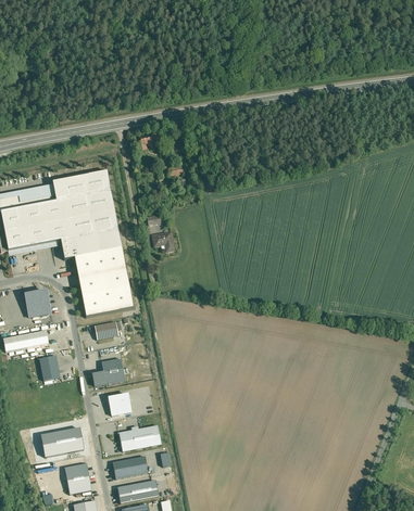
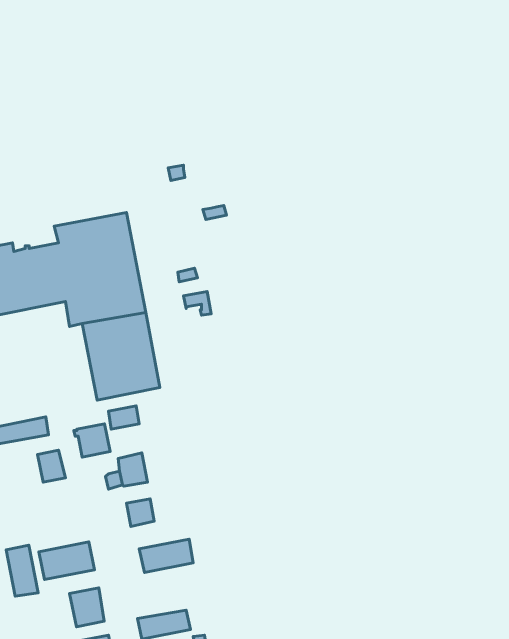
building: [23,290,51,316] -> [74,424,110,457]
building: none -> [6,545,38,596]
building: [112,455,148,477] -> none

